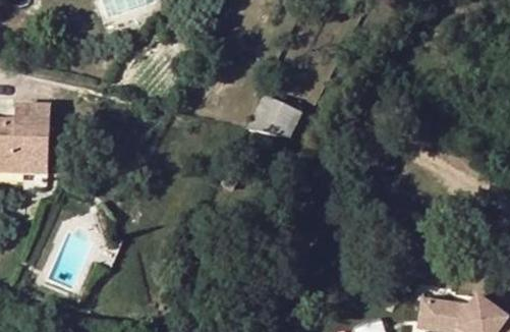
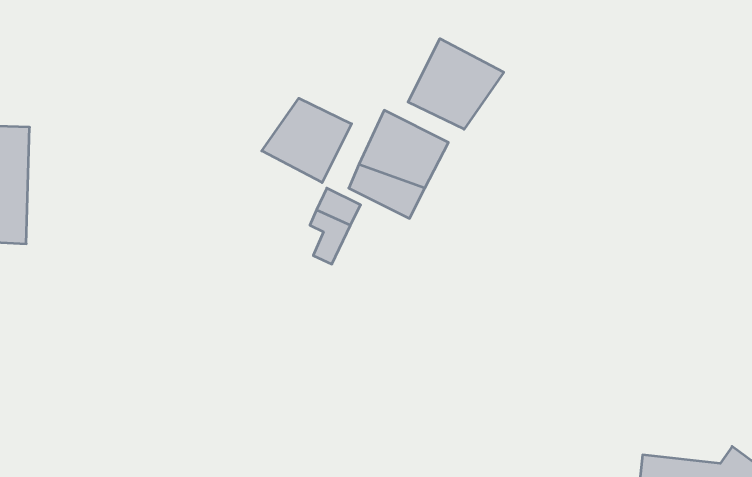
building: none -> [408,39,504,129]
building: none -> [262,98,352,183]

